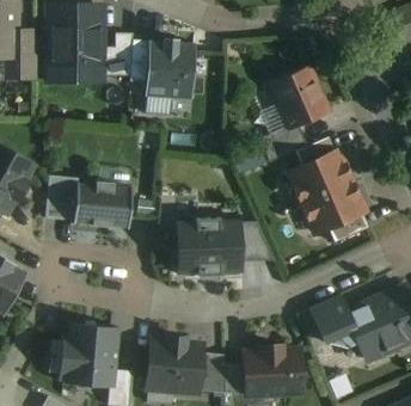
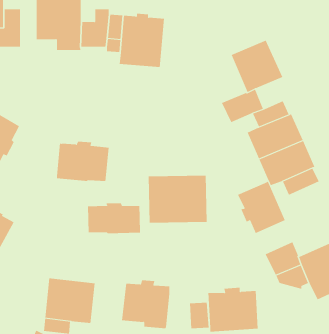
building: [45,176,80,221] -> none
building: none -> [237,181,285,234]
building: none -> [88,203,141,234]
building: [198,352,225,392] -> none

